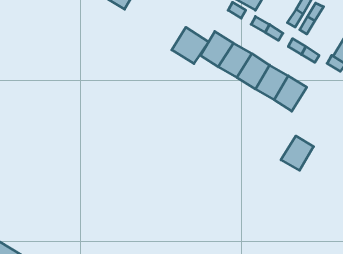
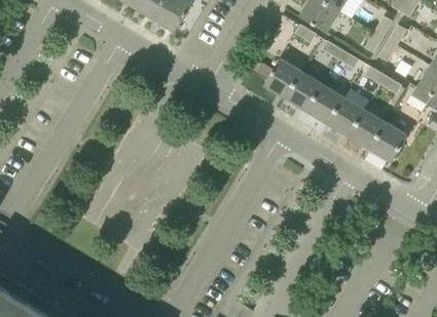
building: [172,27,209,64] -> none
building: [281,136,314,170] -> [369,122,407,162]

